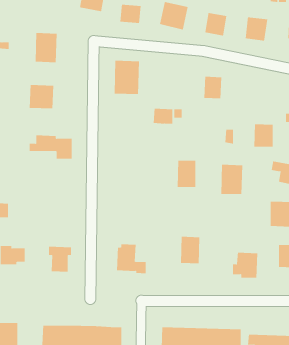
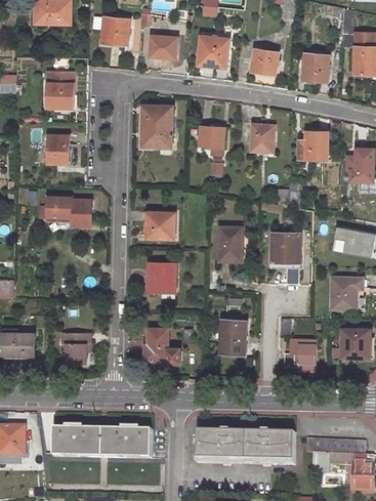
building: [153,108,173,124] -> [201,127,225,147]
building: [253,124,274,147] -> [302,130,327,159]
building: none -> [145,211,174,239]
building: none -> [148,263,175,292]

